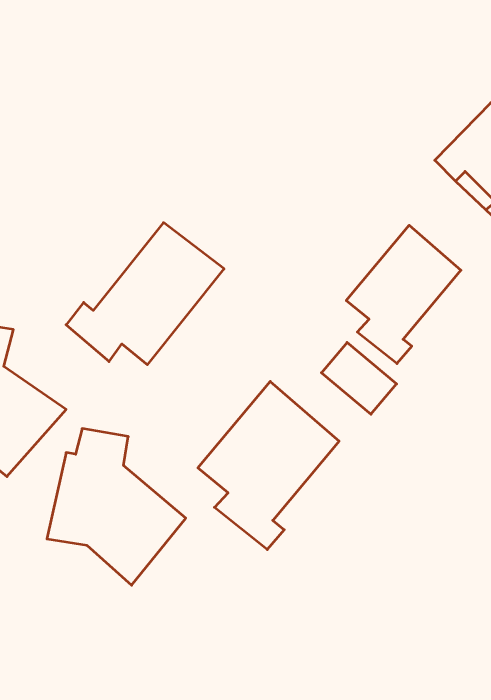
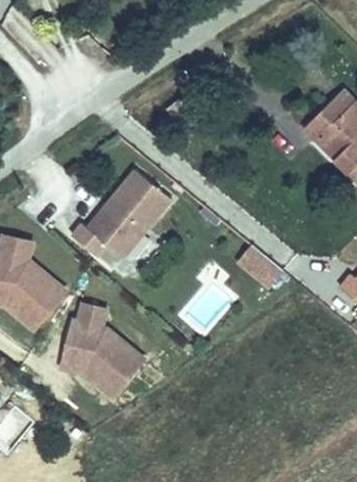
building: [346,225,461,364] -> none
building: [198,381,339,550] -> none

